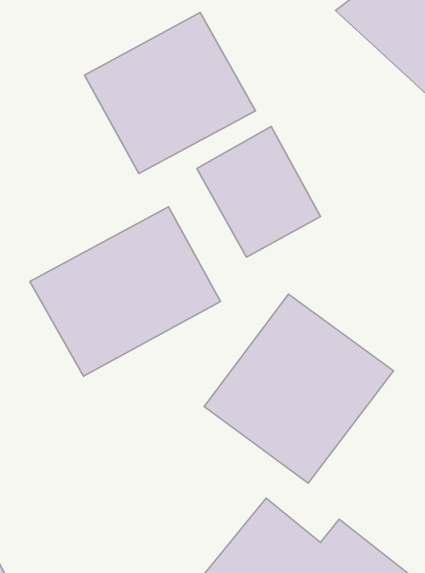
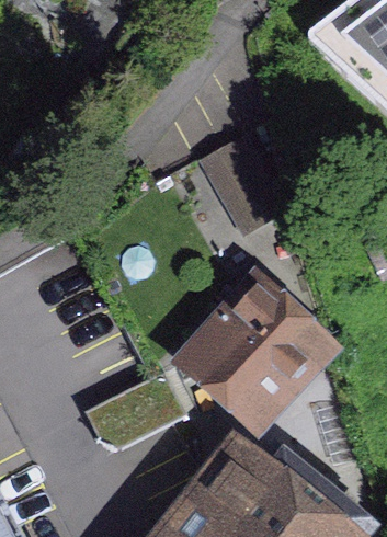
building: [85,12,255,174] -> none
building: [30,207,221,376] -> none

